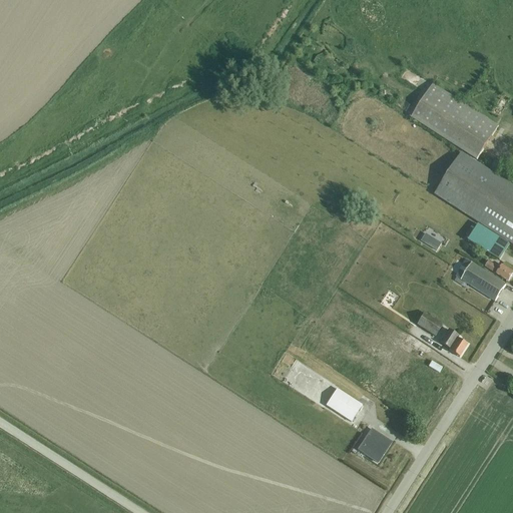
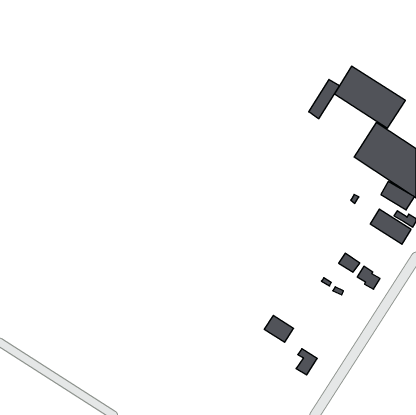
building: none -> [309,79,340,119]

